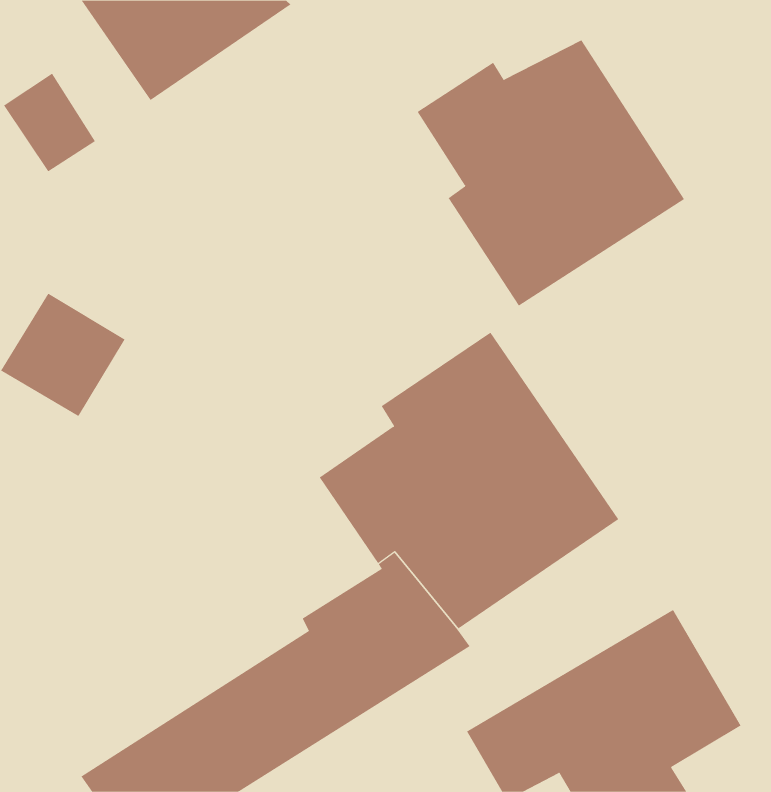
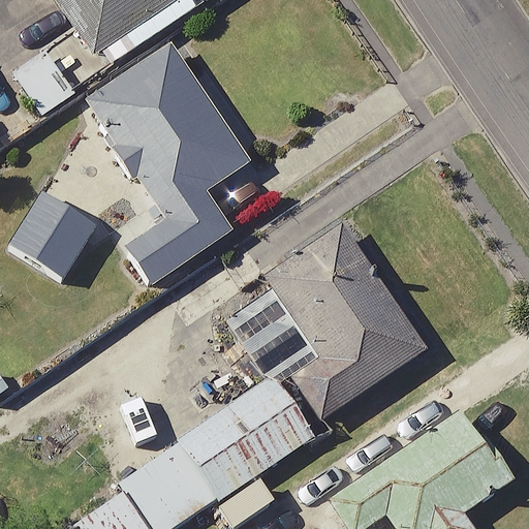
building: [417,39,685,307] -> none
building: none -> [88,45,246,283]

